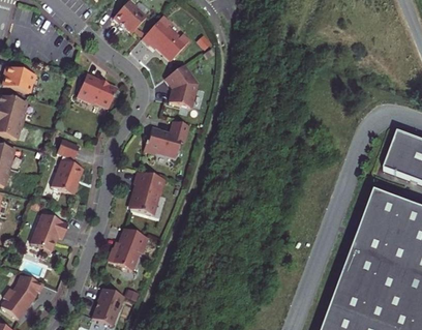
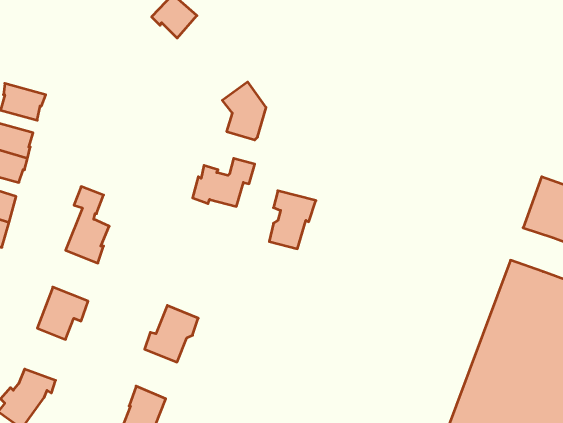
building: [141,16,188,59] -> none
building: [76,73,116,107] -> none
building: [130,171,164,213] -> [269,191,316,249]

